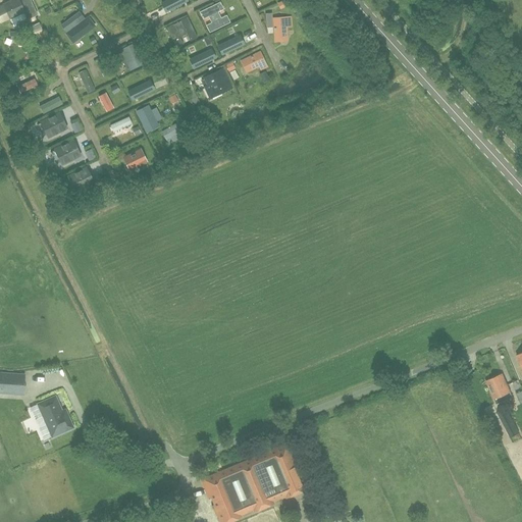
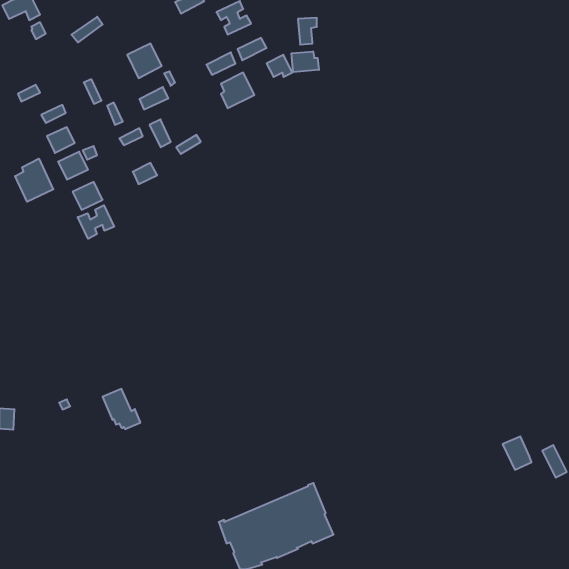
building: [165,16,197,47] -> none
building: none -> [291,51,319,72]
building: none -> [15,159,53,202]
building: none -> [78,205,114,239]
building: [484,373,511,404] -> [503,436,532,470]
building: [37,397,71,433] -> [103,389,140,429]

